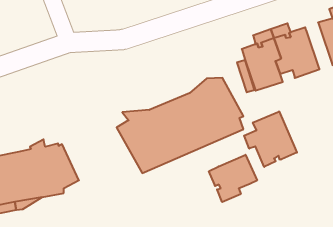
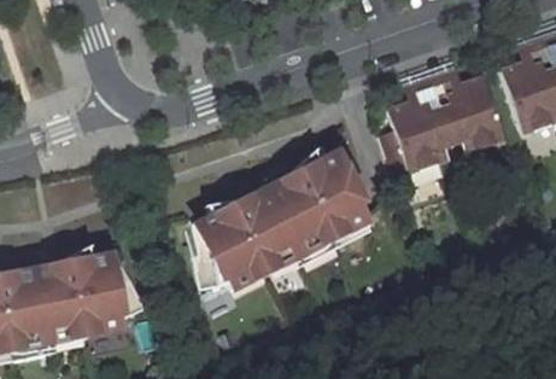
building: [244,111,297,167] -> none
building: [209,155,257,202] -> none

